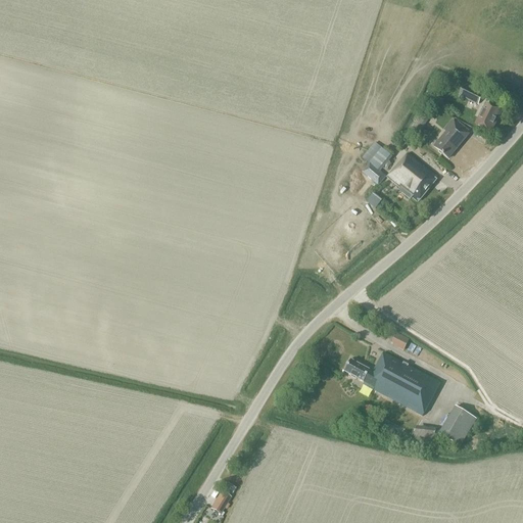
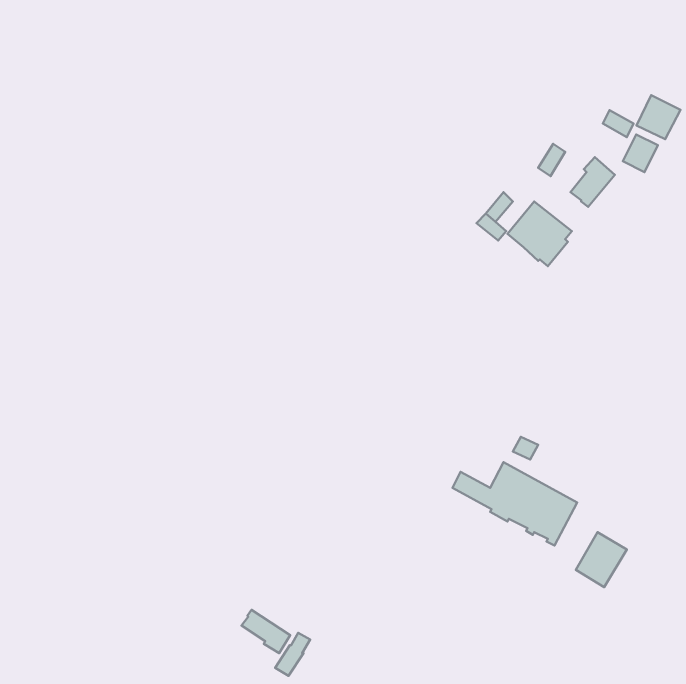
building: none -> [637,95,680,139]
building: none -> [242,610,290,653]

